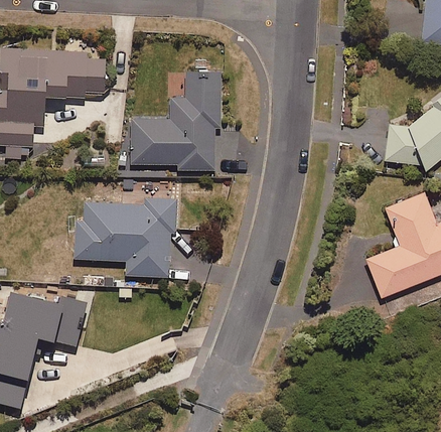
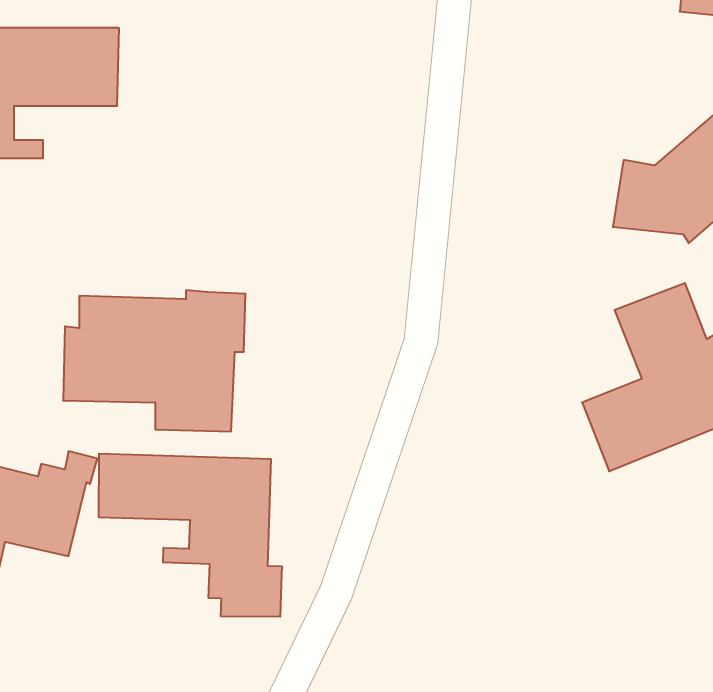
building: [132,71,220,169] -> none
building: none -> [99,454,282,617]

